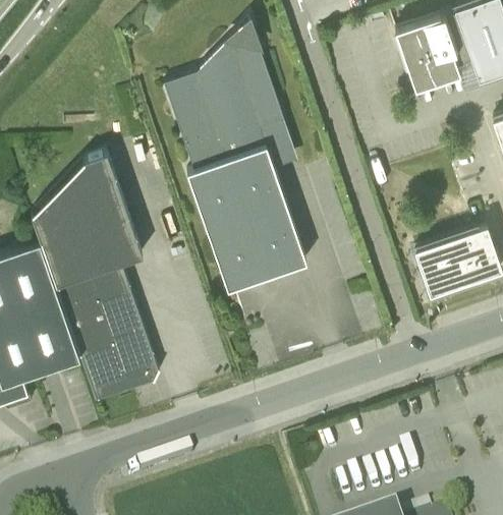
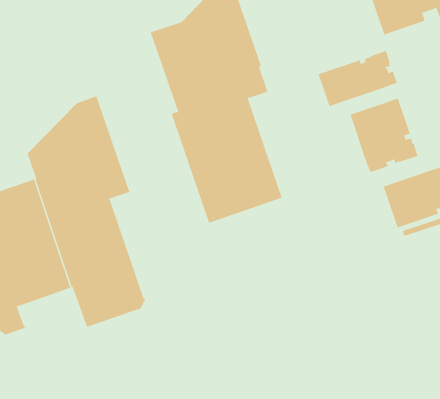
building: none -> [318,50,397,107]
building: none -> [350,98,418,173]

